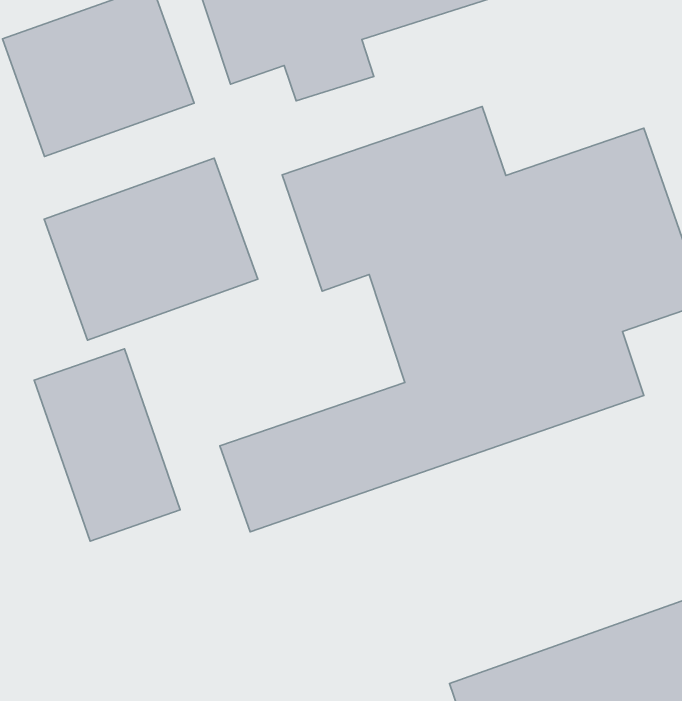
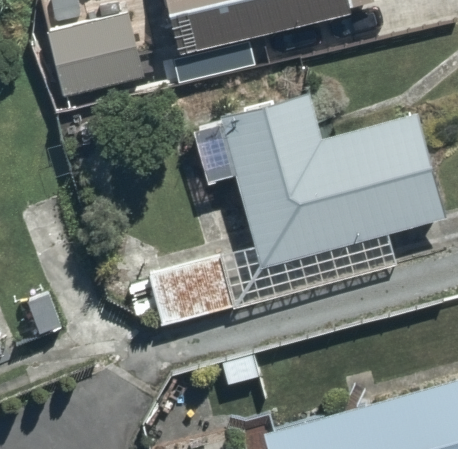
building: [44,158,258,340] -> none
building: [34,349,180,541] -> none

